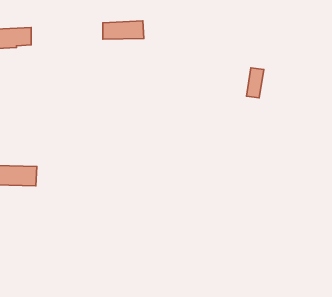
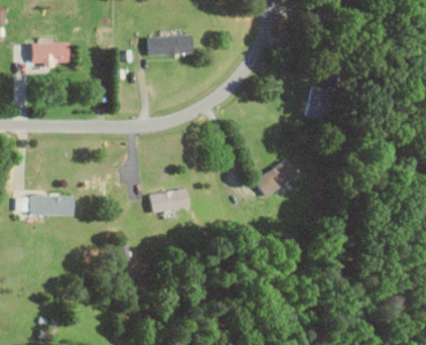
building: none -> [255,161,297,196]
building: none -> [150,190,190,212]

